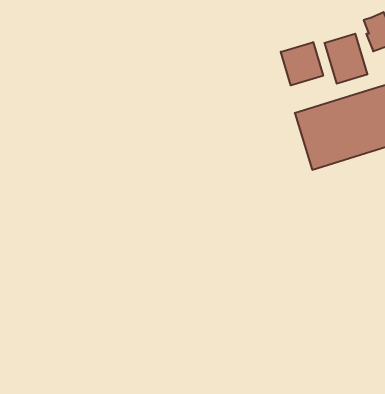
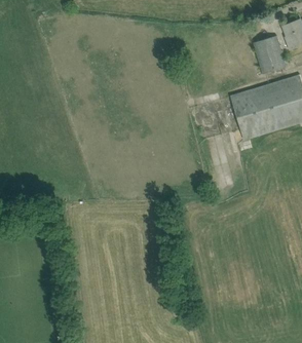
building: [281,42,323,85] -> none

